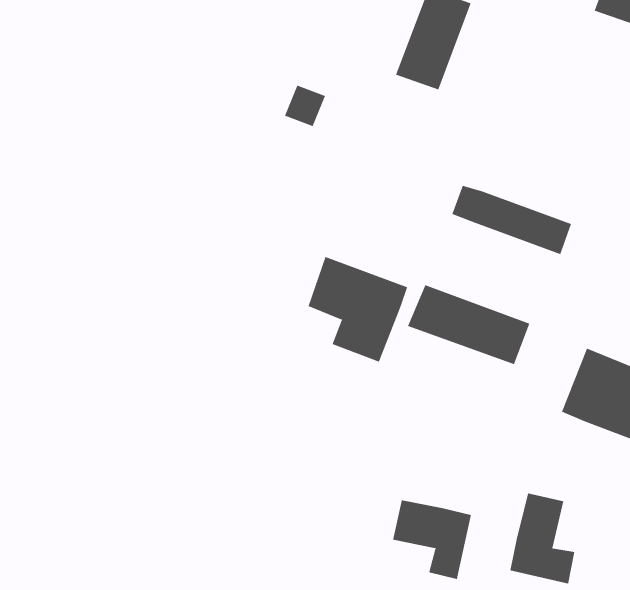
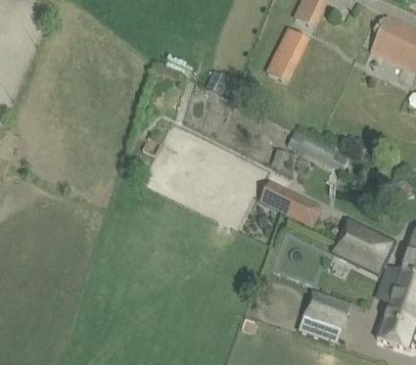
building: [308,256,408,362] -> none
building: [393,500,471,580] -> none

